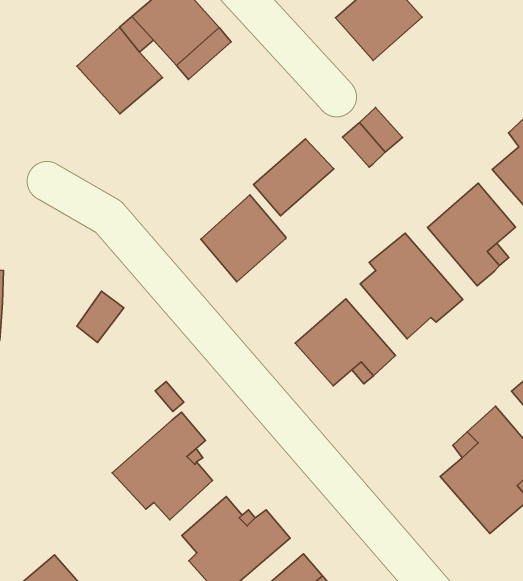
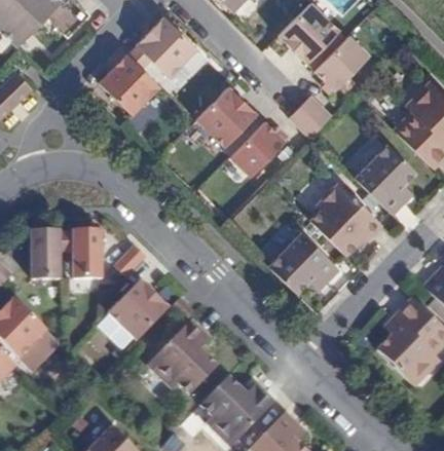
building: none -> [314,34,369,89]
building: [201,195,286,282] -> [197,84,257,146]
building: none -> [73,228,102,278]
building: none -> [108,279,169,340]

